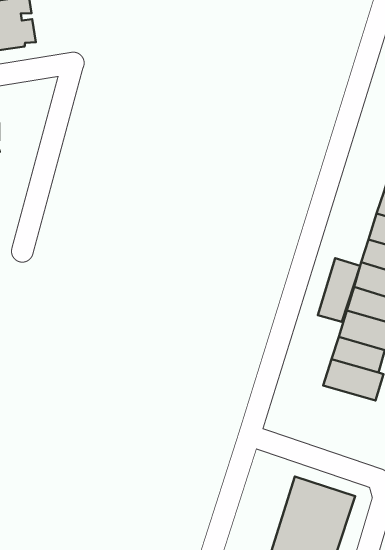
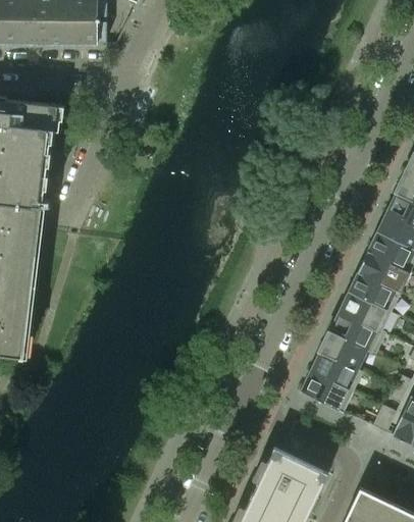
building: [318,258,360,322] -> none
building: none -> [300,372,352,412]

